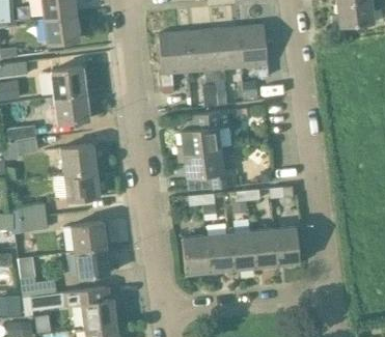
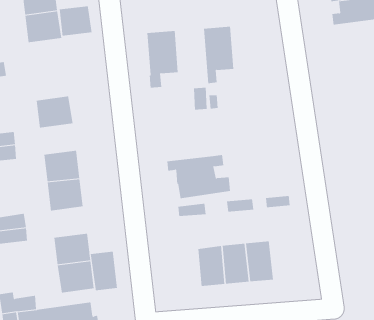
building: none -> [59,5,92,37]
building: [238,25,269,79] -> none
building: [186,30,216,83] -> none
building: [52,67,86,97] -> none
building: [176,111,228,155] -> none
building: [274,227,300,265] -> none
building: [184,236,210,274] -> none
building: none -> [90,251,118,291]

